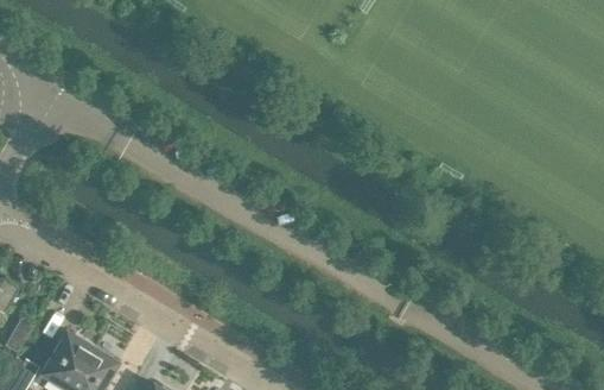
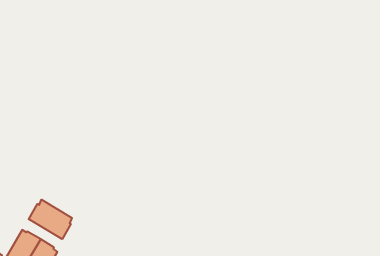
building: none -> [29,200,72,239]

